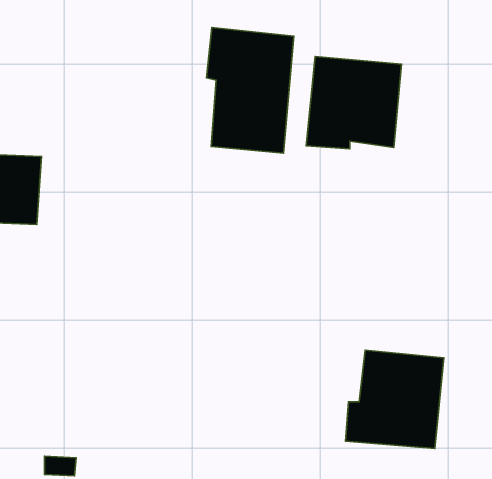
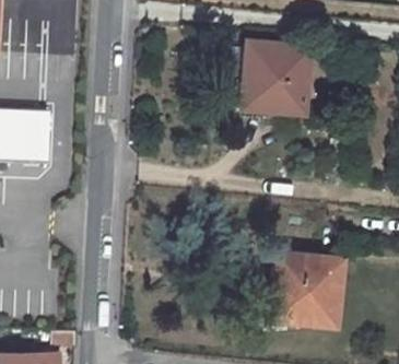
building: [207,27,294,153] -> none

